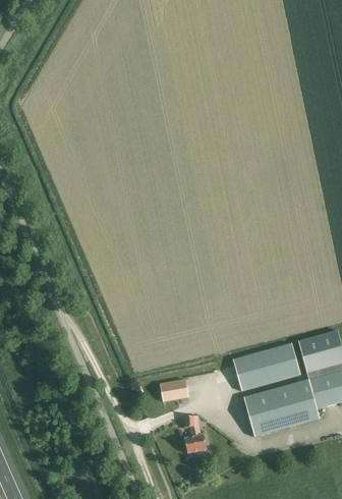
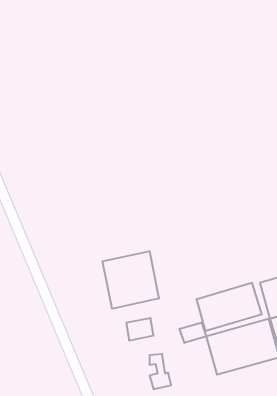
building: none -> [103,251,159,309]
building: none -> [180,322,206,343]

